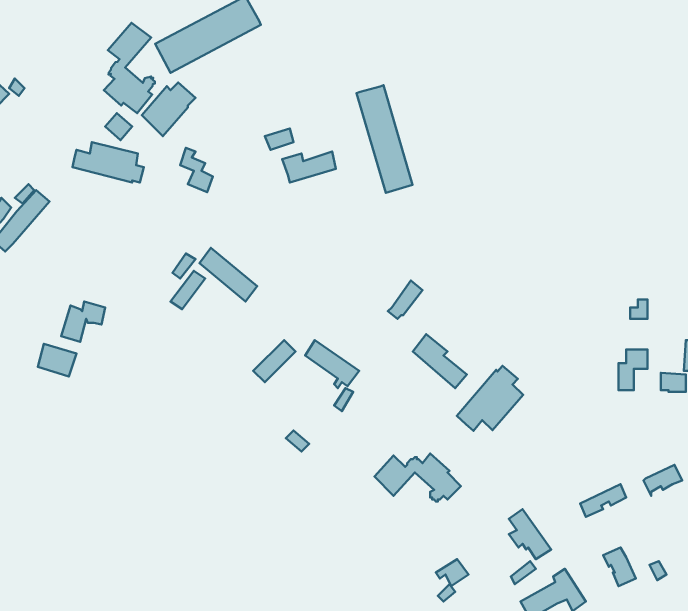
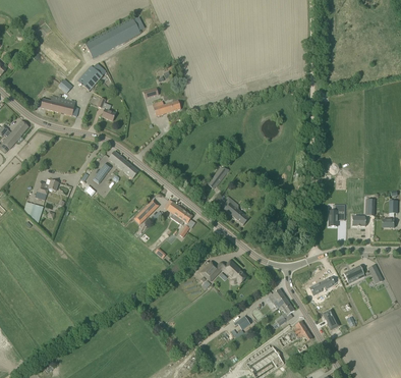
building: [104,23,155,113] -> none
building: [357,85,413,193] -> none
building: [457,366,523,431] -> none

